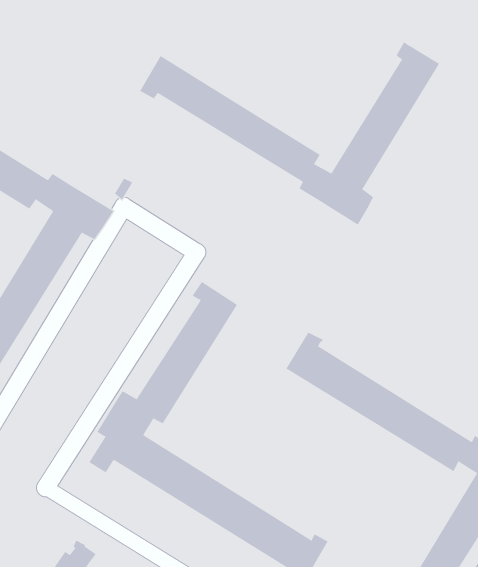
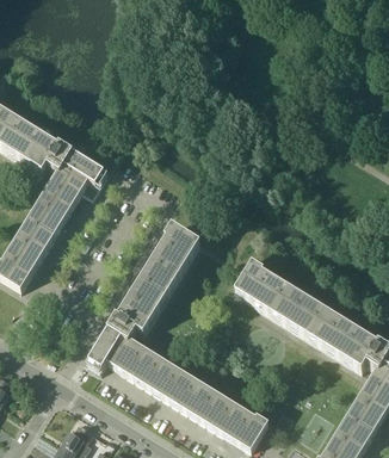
building: [140,42,440,225] -> none

